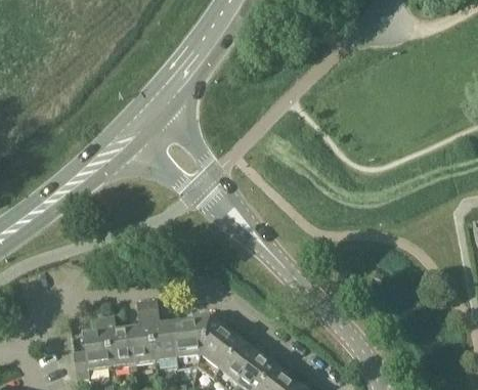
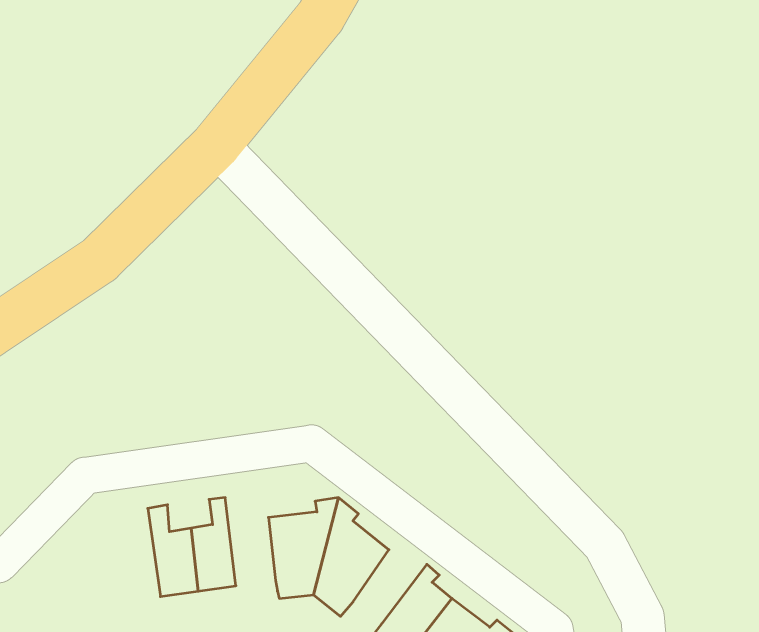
building: [147,310,177,366] -> none
building: [74,317,111,378] -> none
building: [220,341,262,383] -> none

